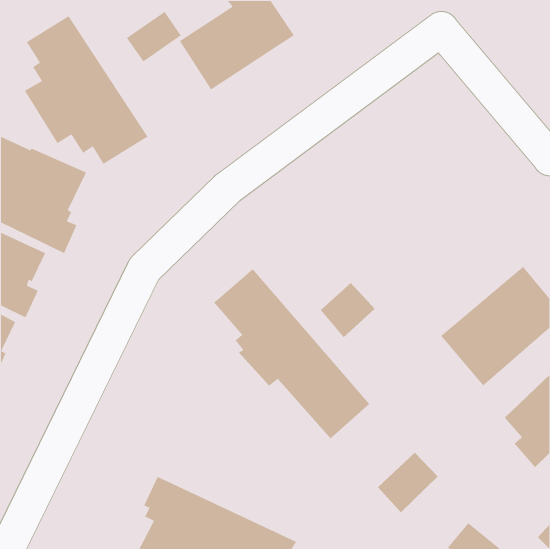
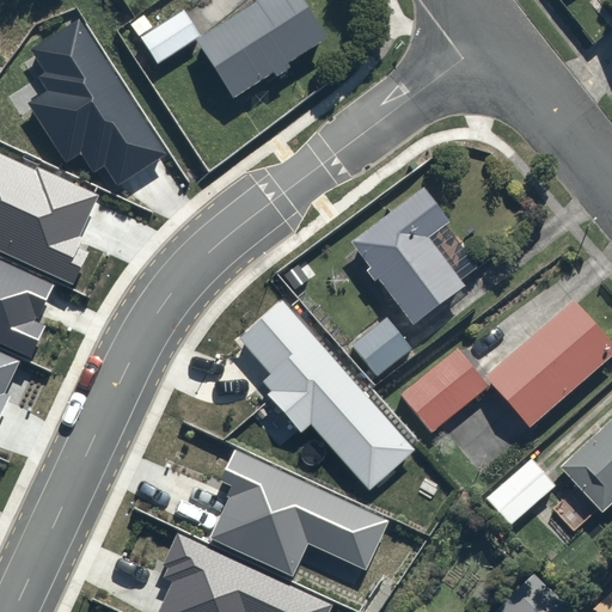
building: none -> [353,182,470,325]
building: none -> [402,347,490,433]
building: none -> [208,447,387,574]
building: [377,452,438,513] -> [489,458,557,526]

